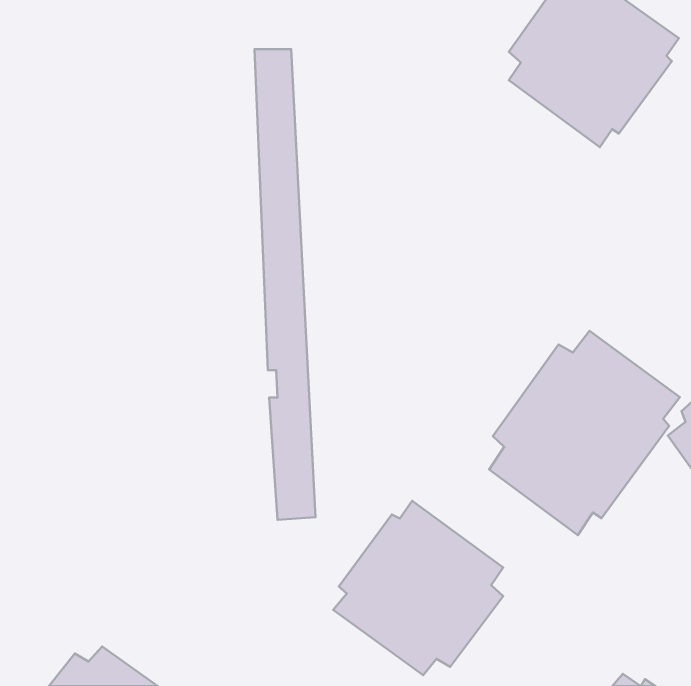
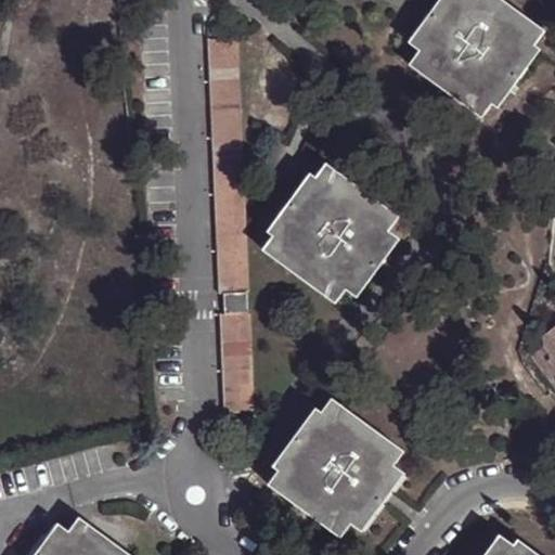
building: none -> [262,164,398,305]
building: [489,331,680,535] -> none

